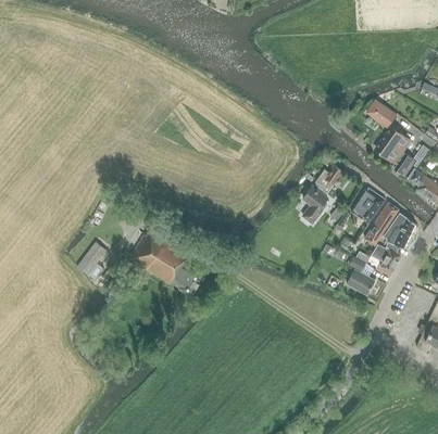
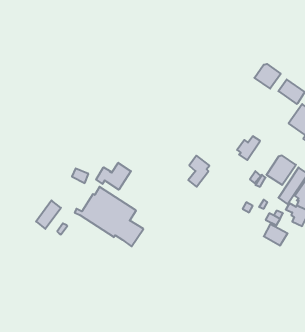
building: none -> [254,64,281,89]
building: [302,187,327,224] -> [188,156,209,187]
building: none -> [96,163,131,190]

